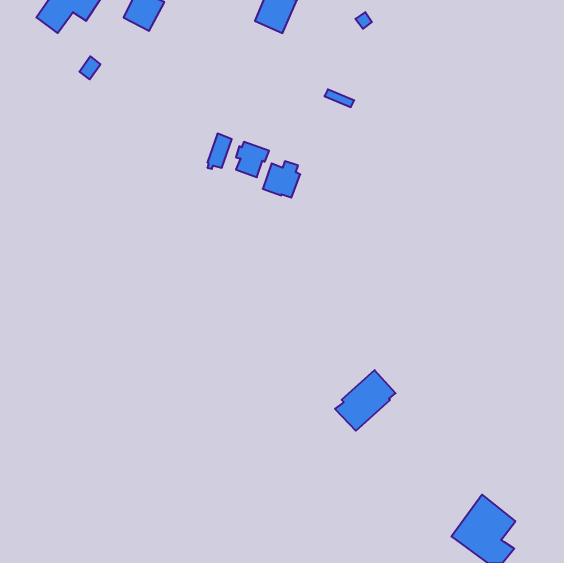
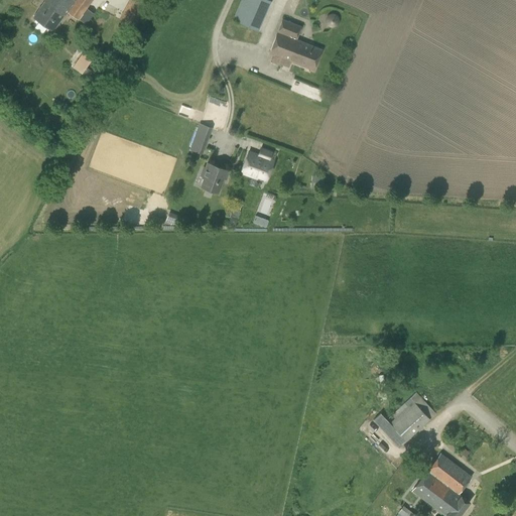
building: none -> [269,18,321,70]
building: [236,142,269,177] -> [200,161,230,194]
building: [335,370,396,431] -> [380,391,435,446]

